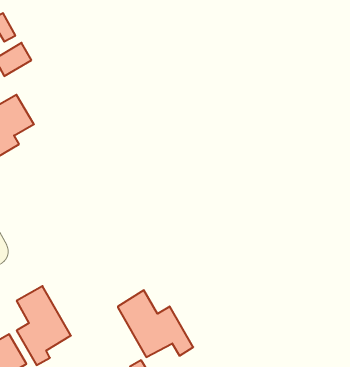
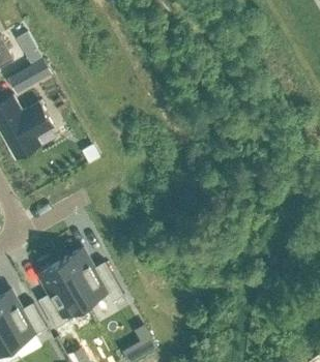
building: [118,290,193,357] -> [61,247,124,303]

